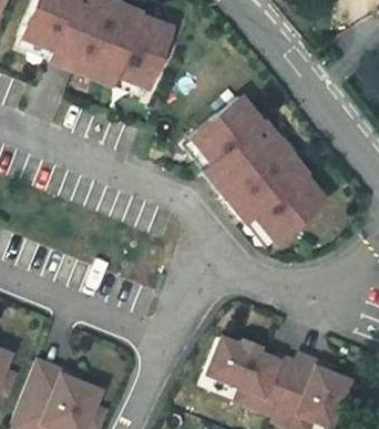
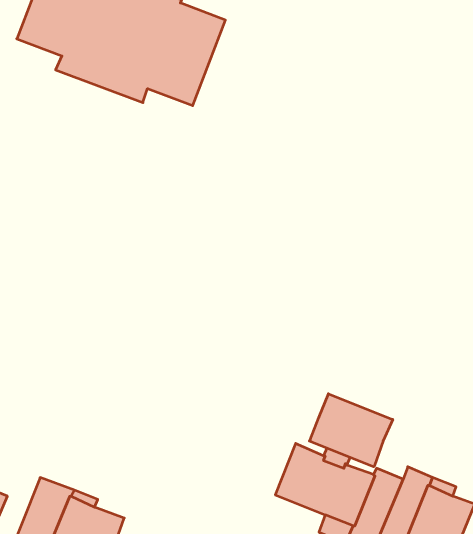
building: [191,111,327,256] -> none
building: none -> [309,394,393,467]

